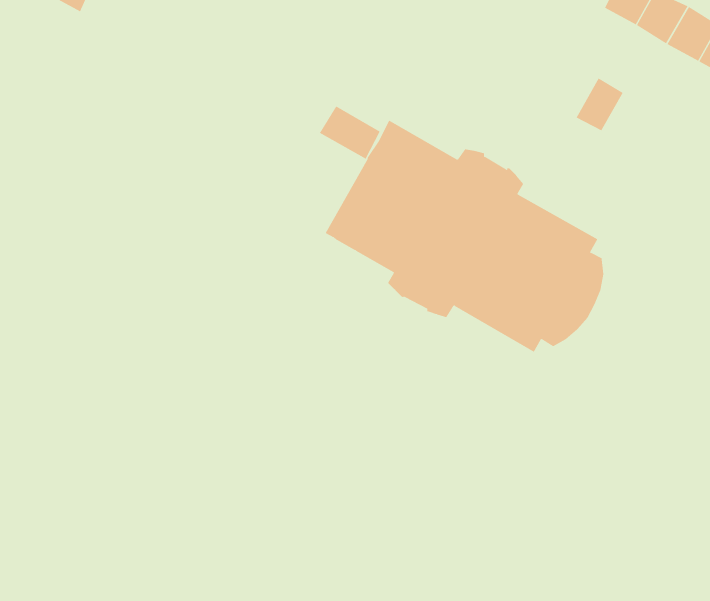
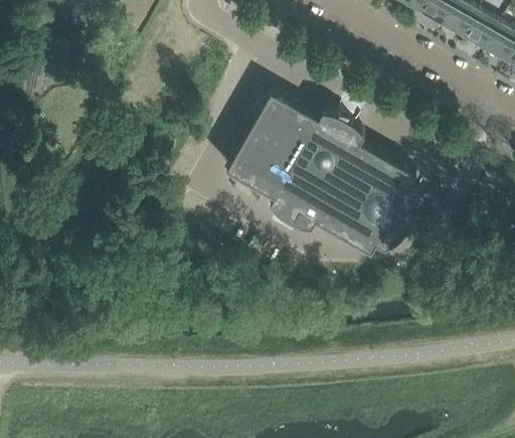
building: [576,77,624,131] -> none
building: [319,106,380,160] -> none

